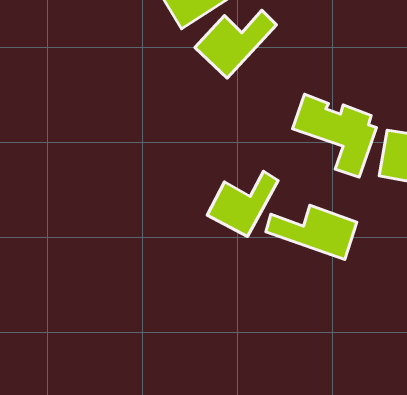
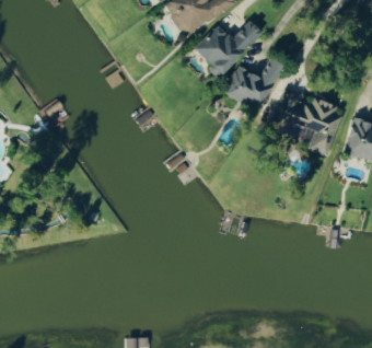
building: [207,171,278,236] -> [225,57,283,111]
building: [266,205,357,259] -> none

